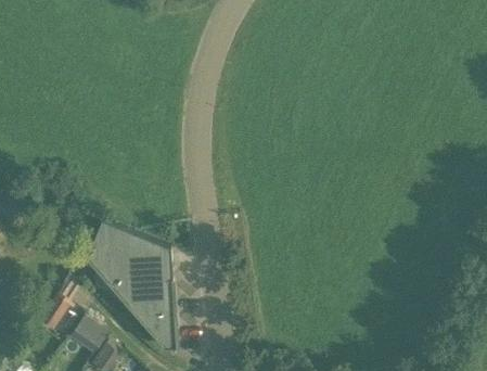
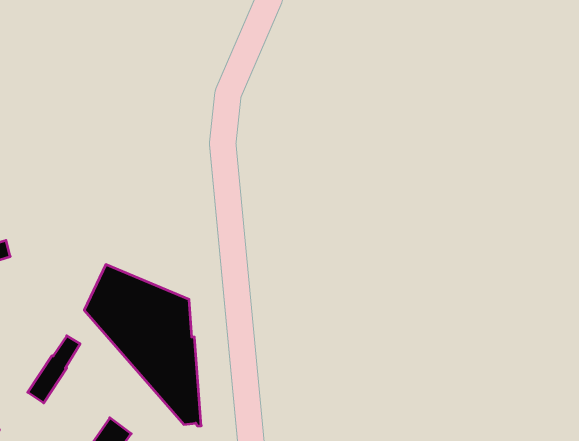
building: [74,315,111,353] -> none

